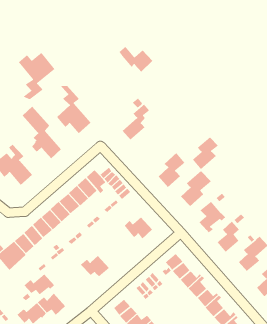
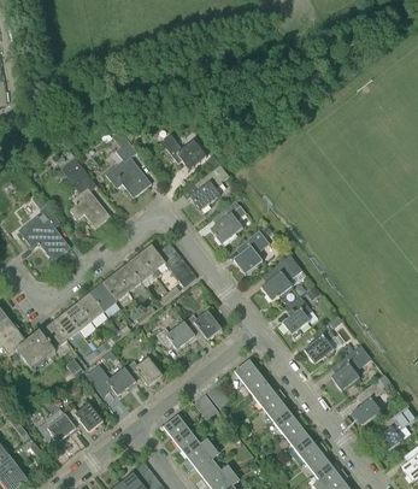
building: [119,46,153,73] -> [161,134,206,170]
building: [18,52,56,100] -> none
building: [192,136,219,170] -> [210,200,246,243]
building: none -> [157,320,196,349]
building: [23,274,55,295] -> [96,367,137,395]

